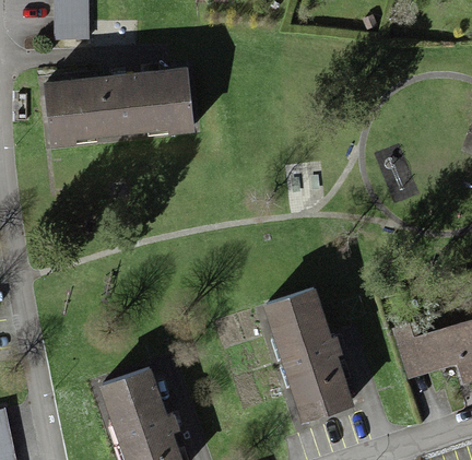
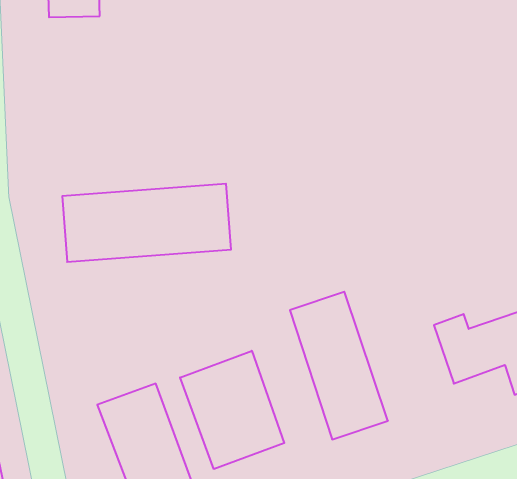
building: [43,70,191,139] -> [62,184,231,262]
building: none -> [180,351,284,469]

